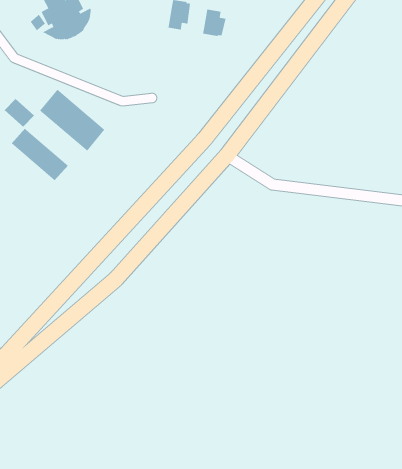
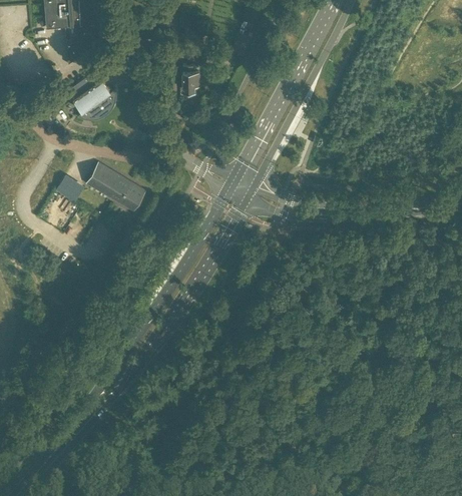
building: [203,8,226,37] -> none
building: [11,128,69,181] -> none

